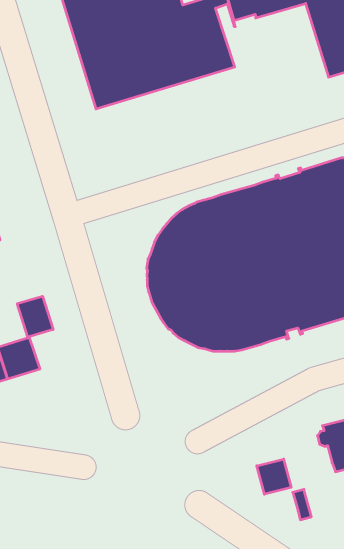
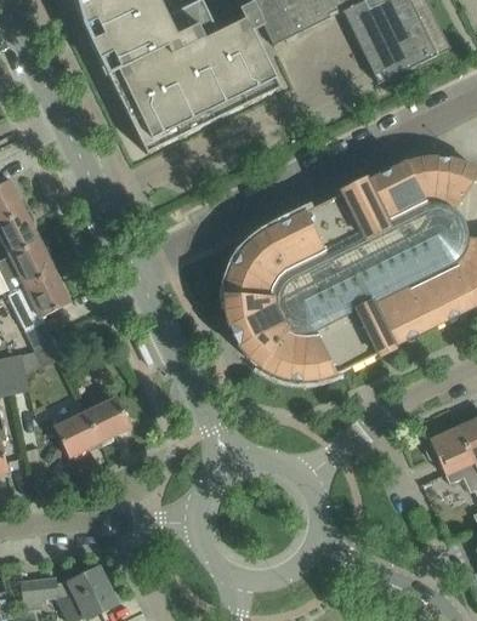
building: [17,296,53,337] -> none
building: [257,459,291,494] -> none

